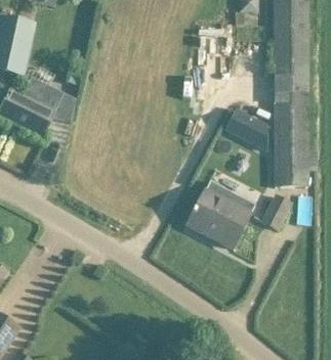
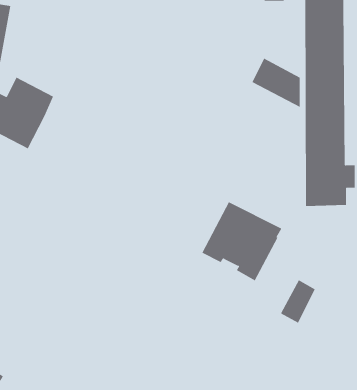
building: [225,110,266,152] -> [252,58,300,108]
building: [261,194,291,231] -> [280,279,316,323]

